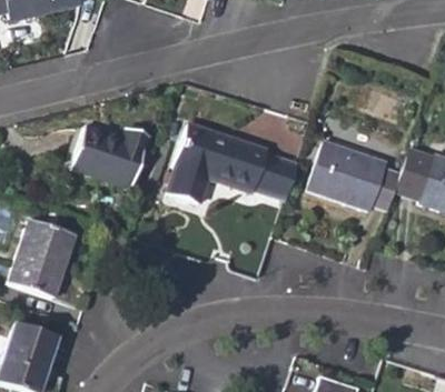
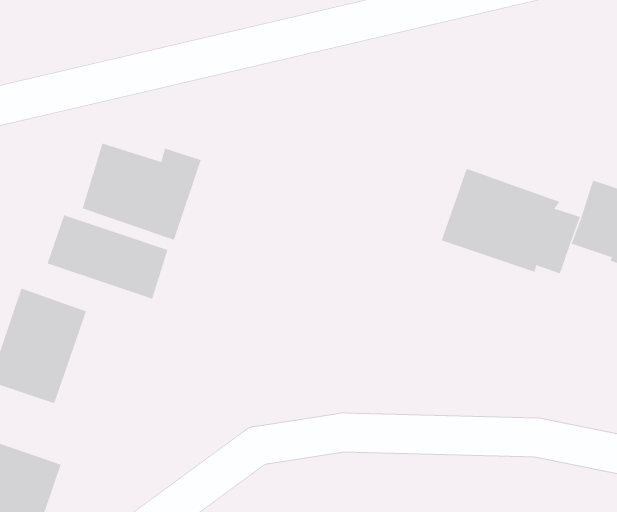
building: [168,124,299,204] -> none
building: none -> [47,214,168,300]

